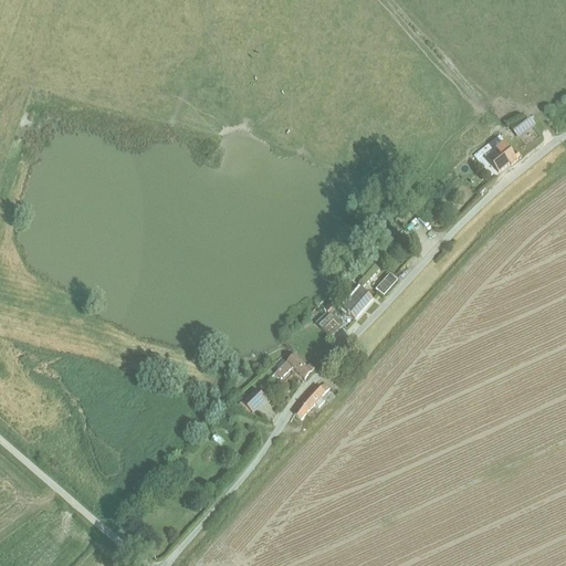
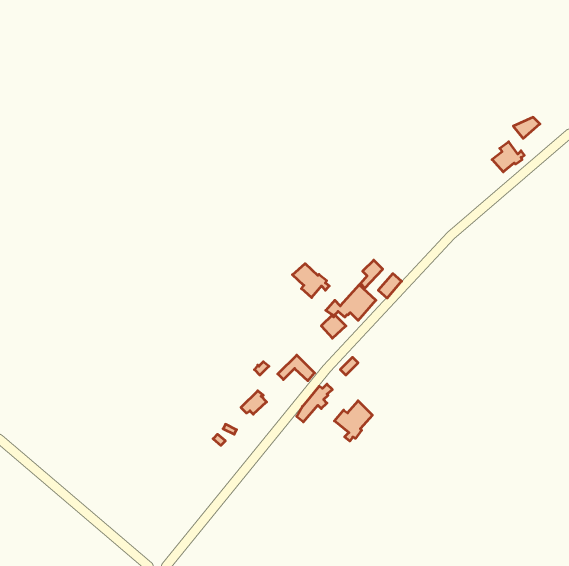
building: none -> [292,264,329,298]
building: none -> [334,401,372,441]

